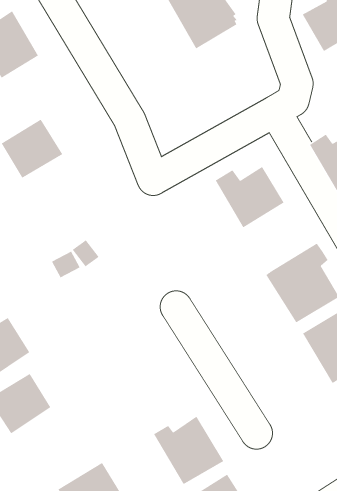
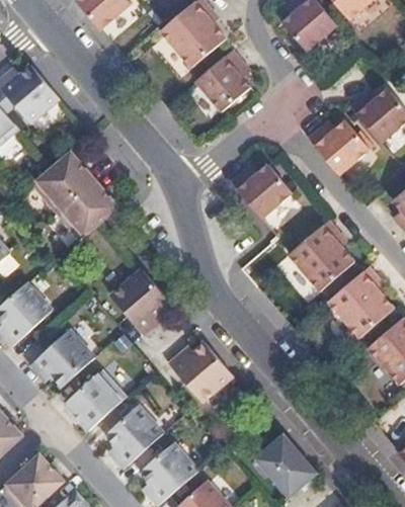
building: none -> [195,50,249,111]
building: none -> [61,180,117,235]
building: none -> [109,269,170,335]
building: none -> [102,405,161,470]
building: [153,416,224,485] -> [167,341,233,403]

